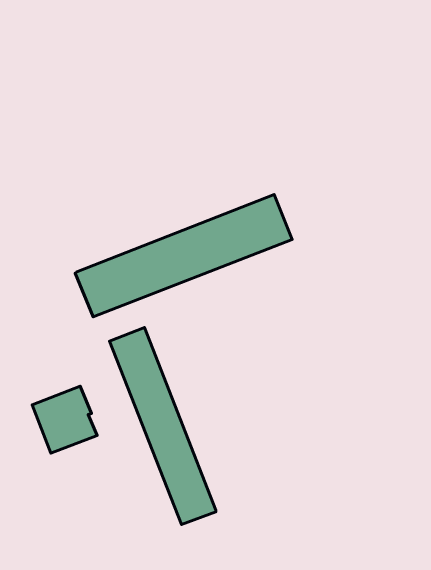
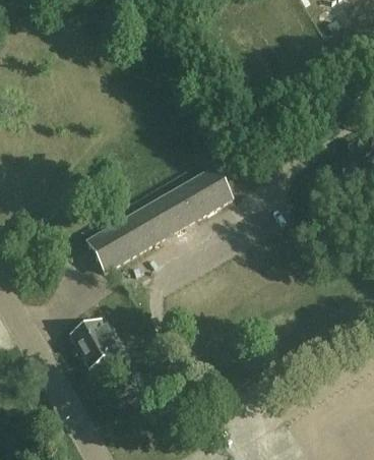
building: [109,328,216,525] -> none

